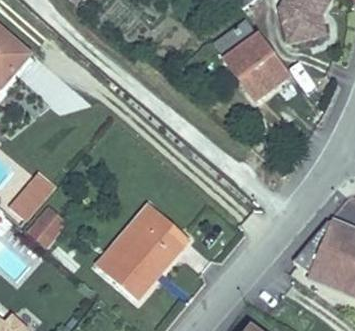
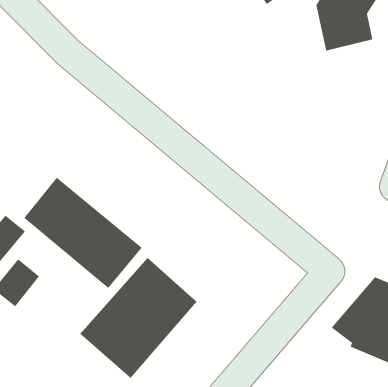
building: [216,22,289,101] -> none
building: none -> [23,177,143,289]

